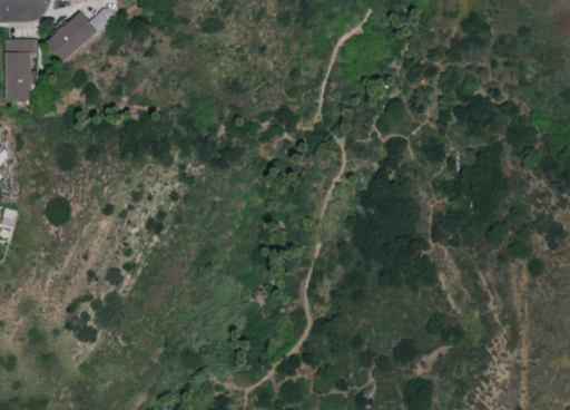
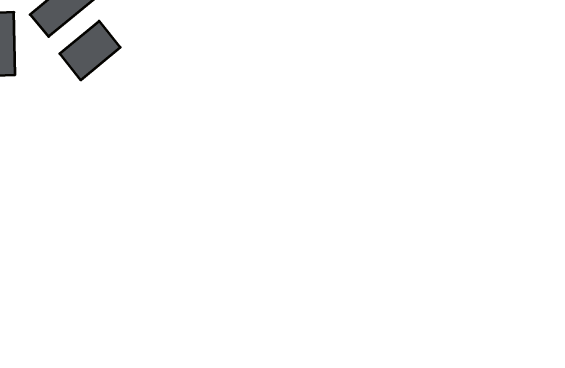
building: none -> [60,21,120,80]

